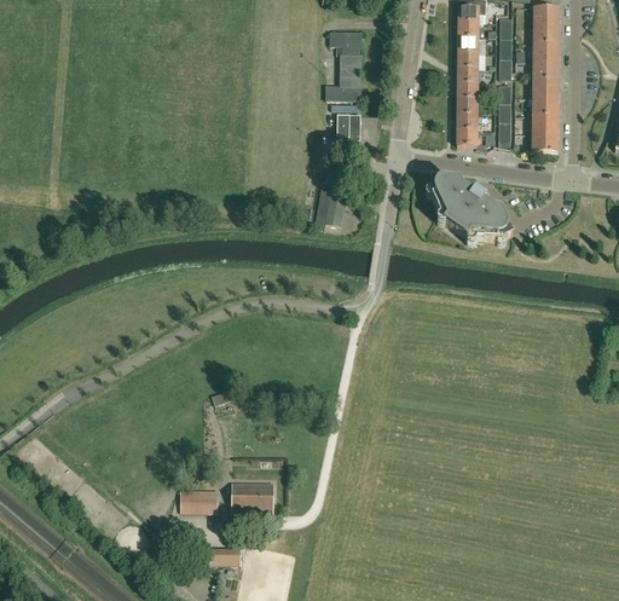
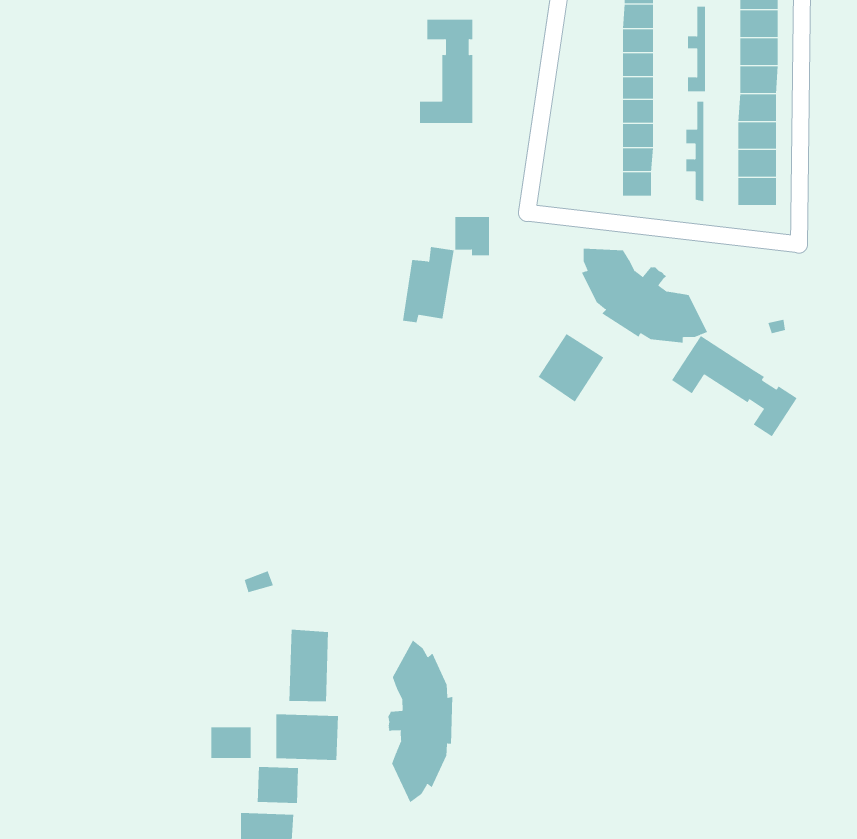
building: [337,112,360,138] -> [454,217,490,256]
building: none -> [538,333,604,403]
building: none -> [671,335,797,437]
building: none -> [289,629,328,702]
building: none -> [388,639,453,803]
building: none -> [257,766,299,804]

